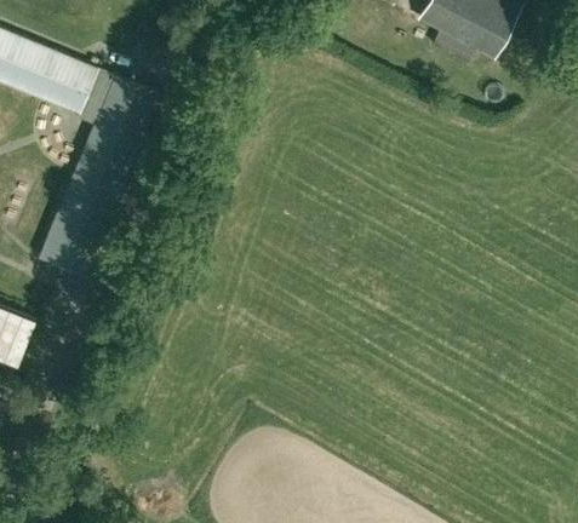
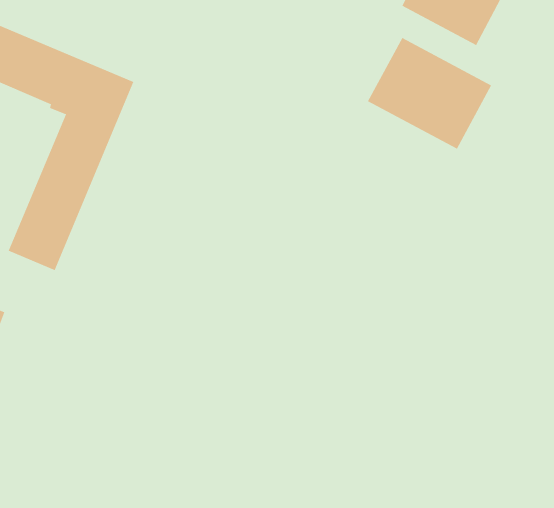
building: none -> [367,37,492,149]

